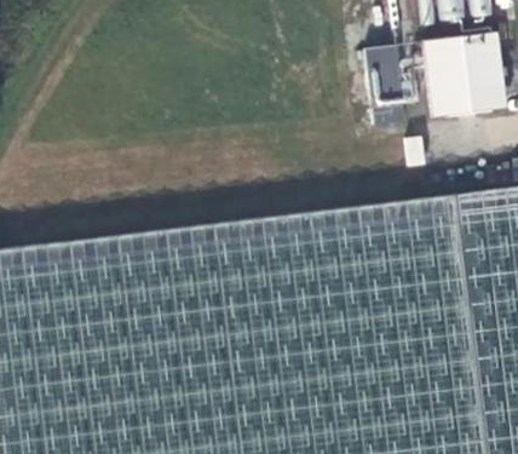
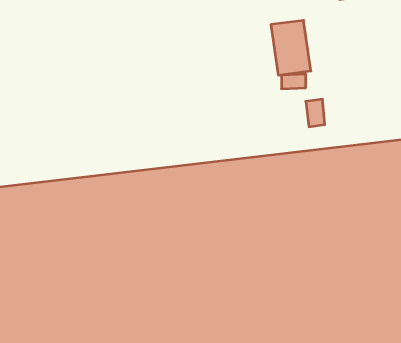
building: [419,31,500,115] -> none

